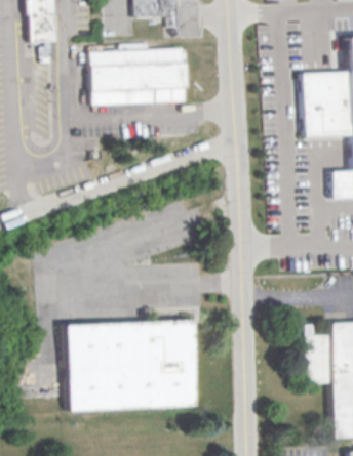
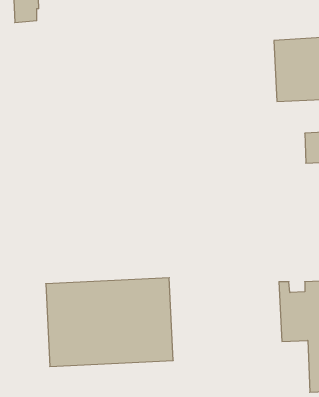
building: [92,42,190,106] -> none

